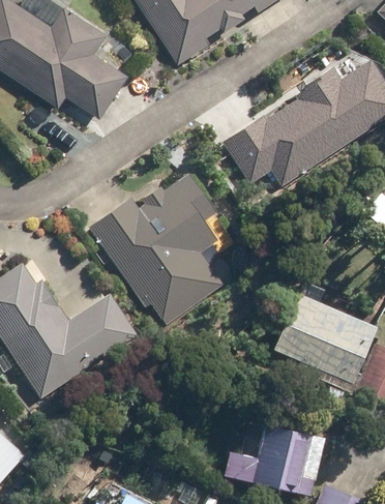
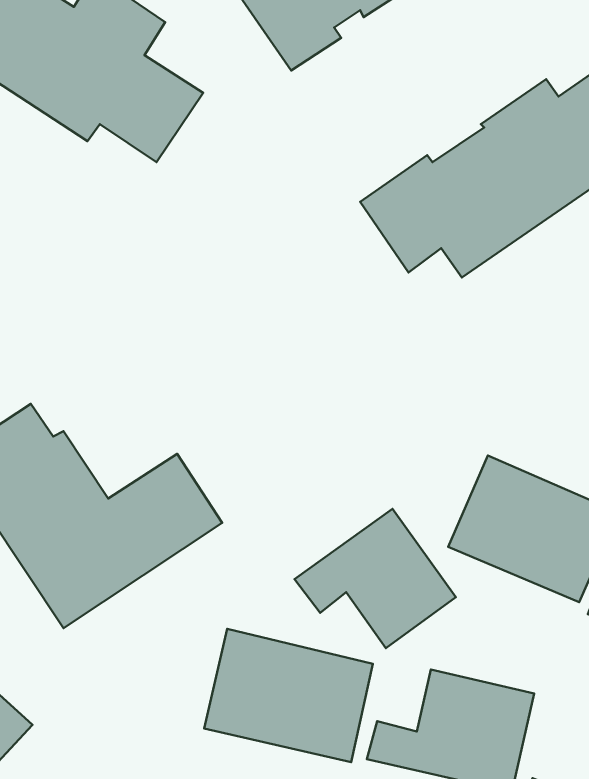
building: [90,172,225,325] -> none
building: none -> [294,509,456,648]
building: none -> [204,629,373,762]

